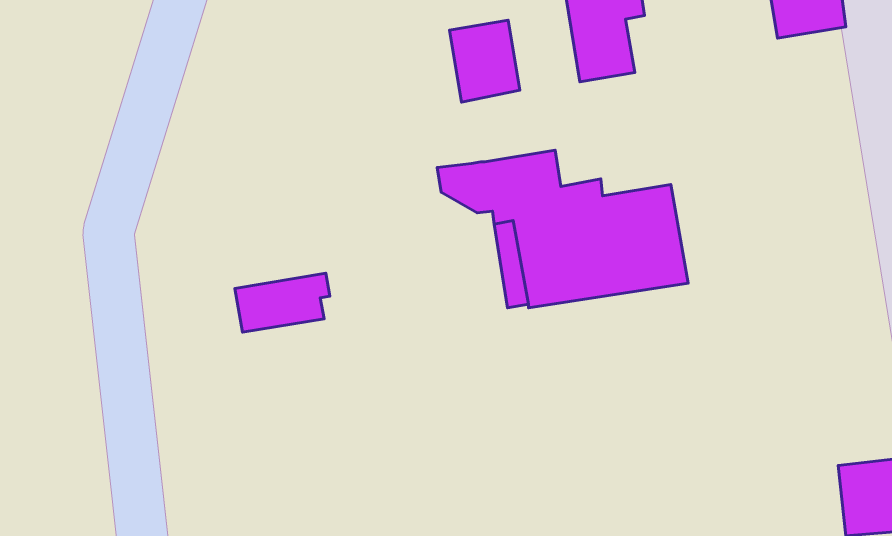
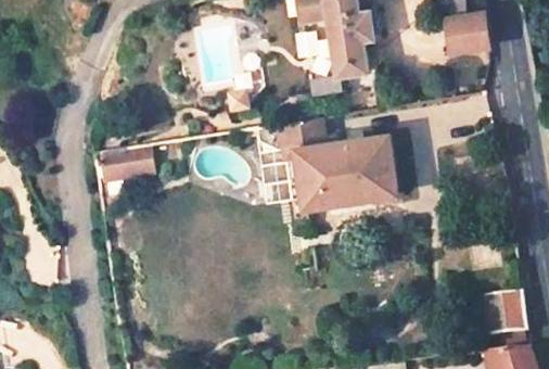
building: [449,20,520,102] -> none
building: [235,273,330,332] -> [99,147,153,180]

